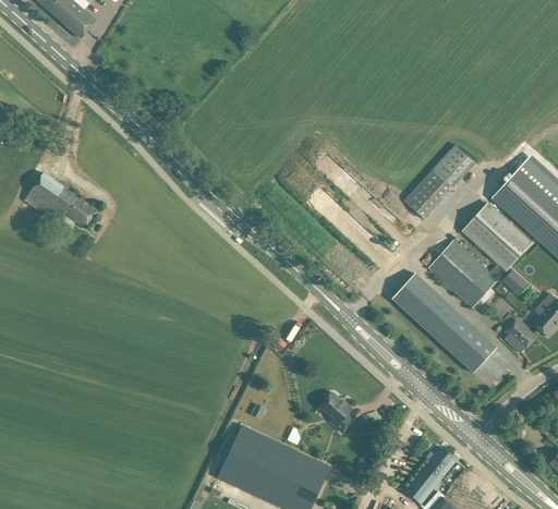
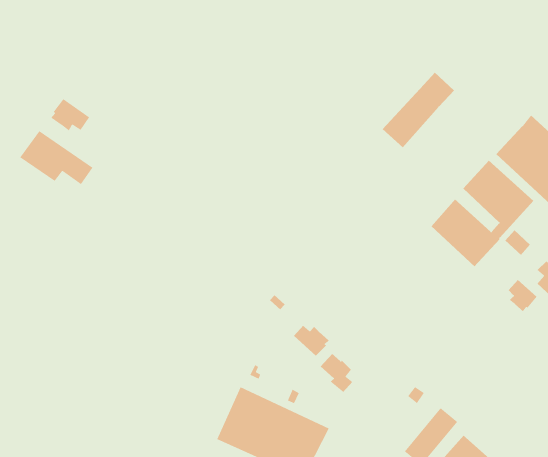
building: none -> [50,98,90,132]
building: [402,144,474,219] -> [382,72,455,148]
building: [391,272,496,372] -> none
building: none -> [293,325,329,356]

